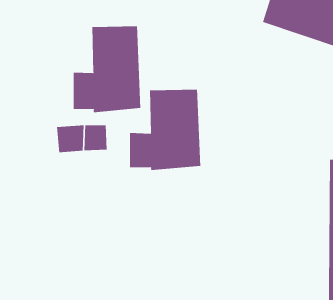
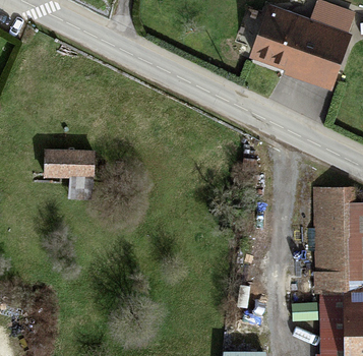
building: [73,26,141,113] -> none
building: [129,89,201,171] -> none

